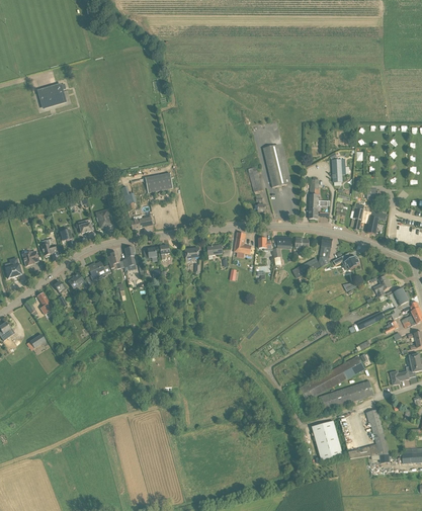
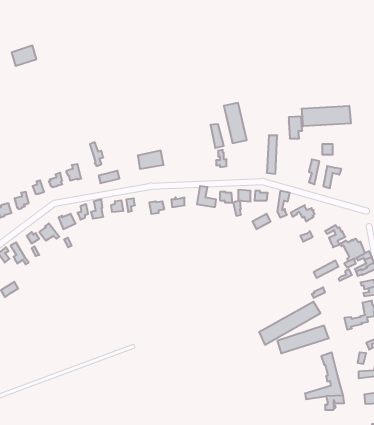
building: none -> [302,106,351,126]
building: [145,172,172,191] -> [138,151,164,169]
building: [312,420,342,459] -> none

